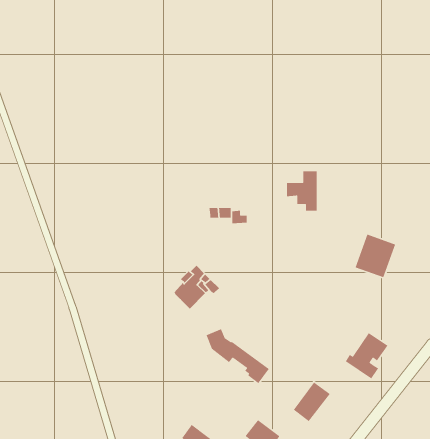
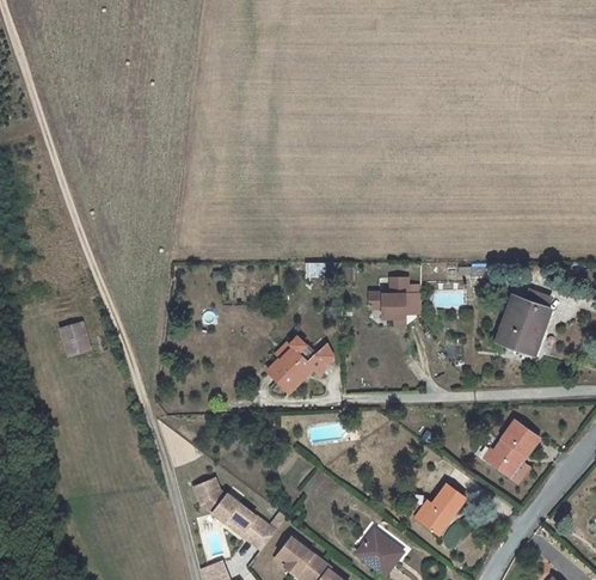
building: [286,171,317,211] -> [368,275,407,326]
building: none -> [60,320,91,356]
building: [206,328,270,384] -> [193,480,275,550]

